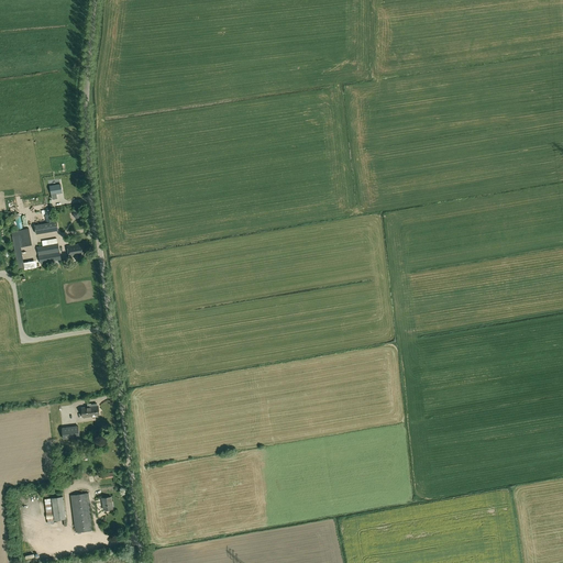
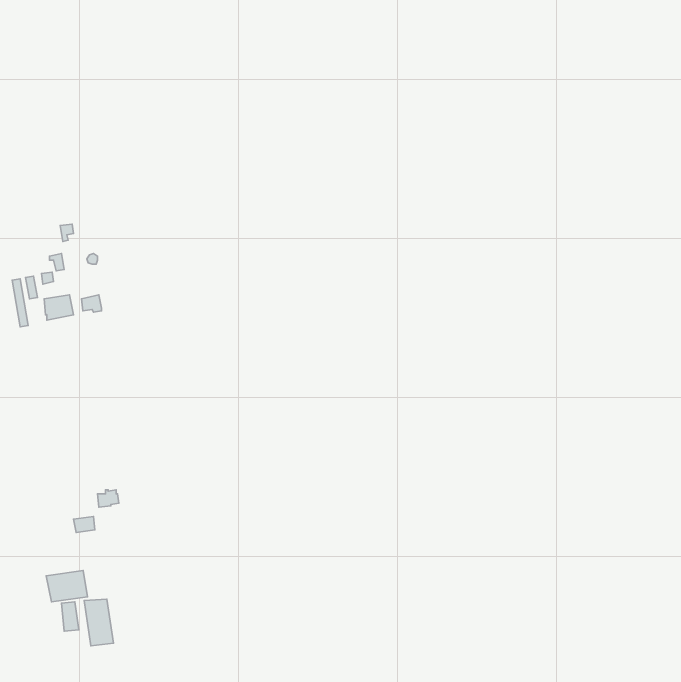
building: none -> [46,571,88,602]

